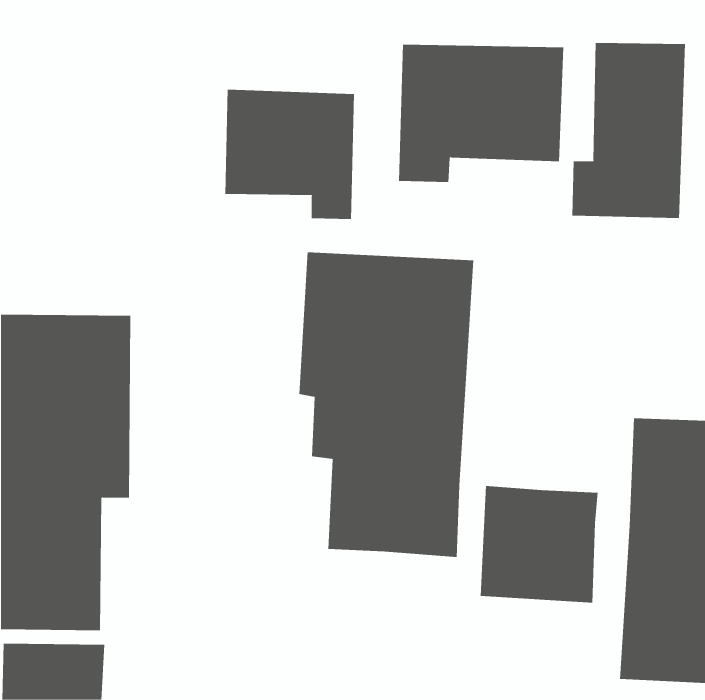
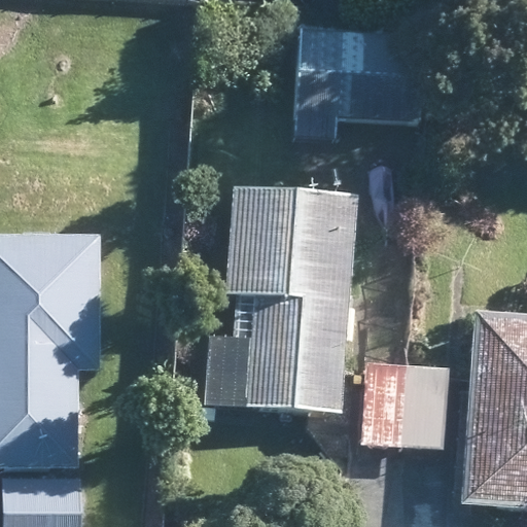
building: [572,42,685,219] -> none
building: [225,89,355,220] -> none

